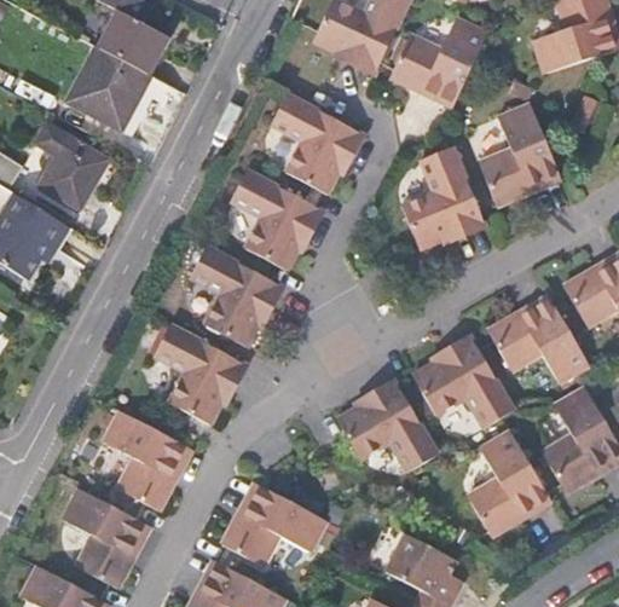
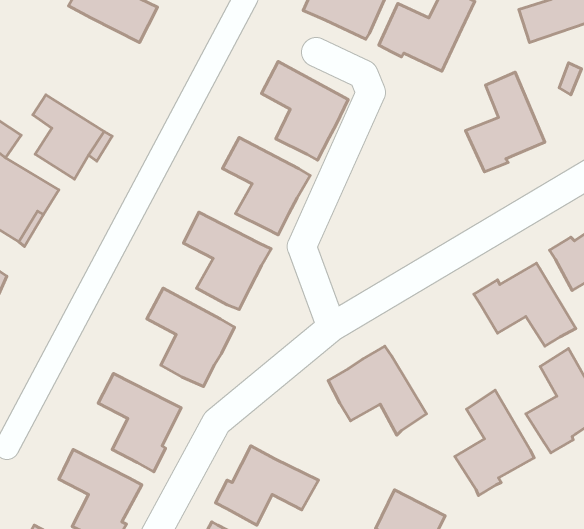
building: [66,48,149,129] -> none
building: [400,148,484,249] -> none
building: [411,339,513,427] -> none

